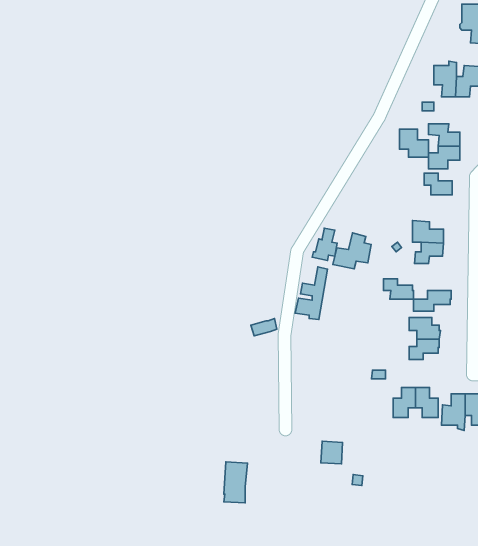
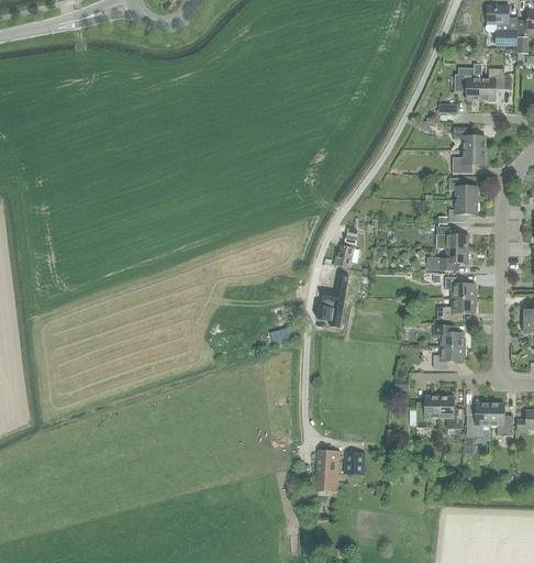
building: [400,129,429,157] -> none
building: none -> [448,199,477,221]
building: [333,233,371,269] -> none
building: [383,279,413,299] -> [445,276,476,297]
building: [224,462,247,503] -> [315,450,340,492]

